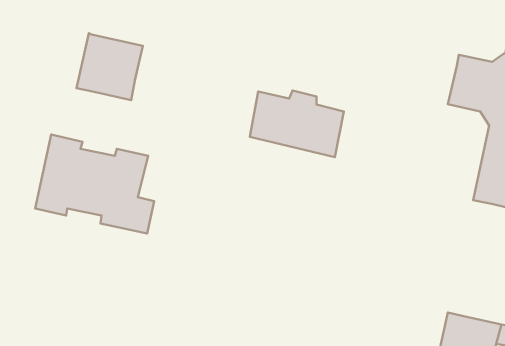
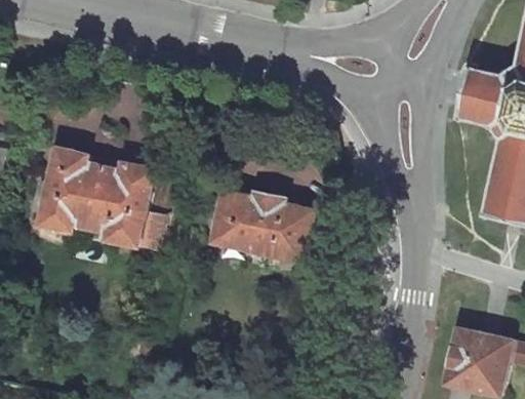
building: [76,33,143,100] -> none
building: [250,90,344,157] -> [220,184,316,251]

